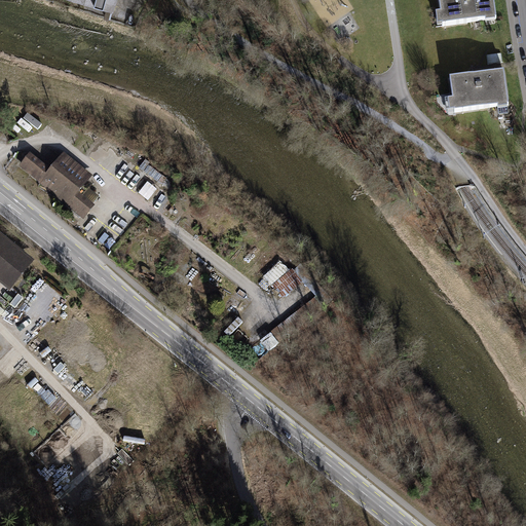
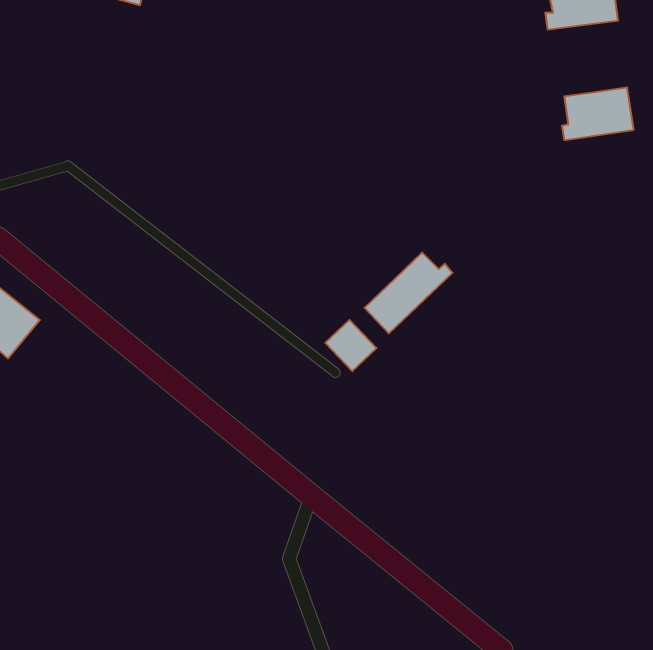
building: [15,148,91,215] -> none
building: none -> [364,252,453,334]

